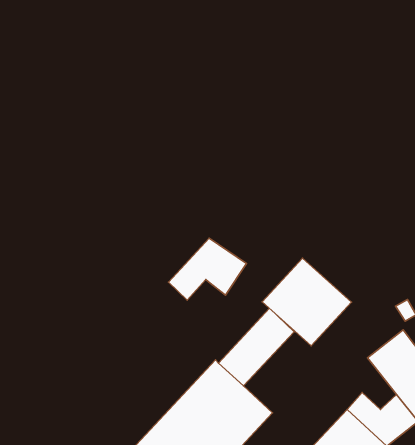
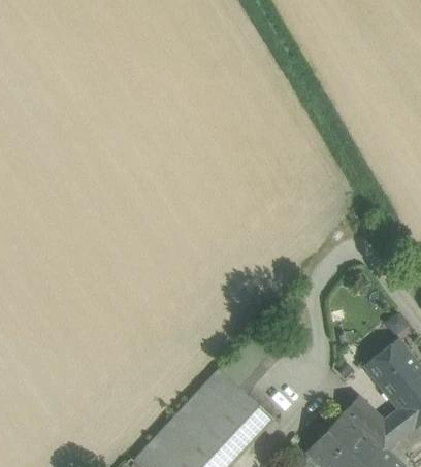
building: [168,238,247,300] -> none
building: [262,258,351,346] -> none

